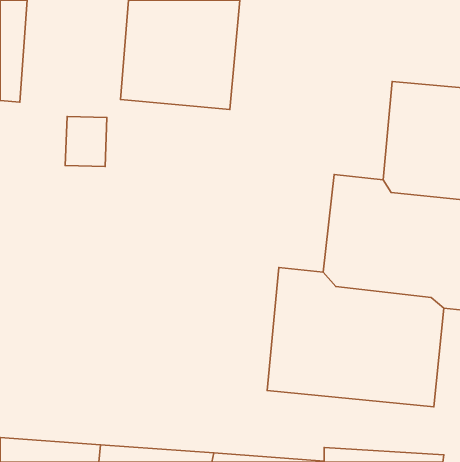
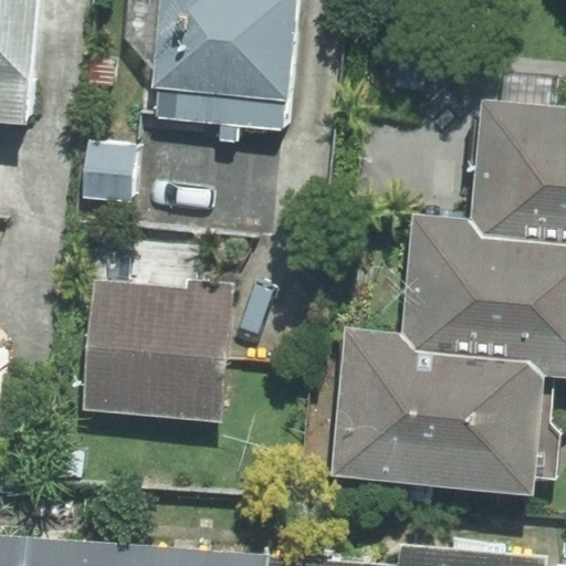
building: none -> [82,279,233,422]

